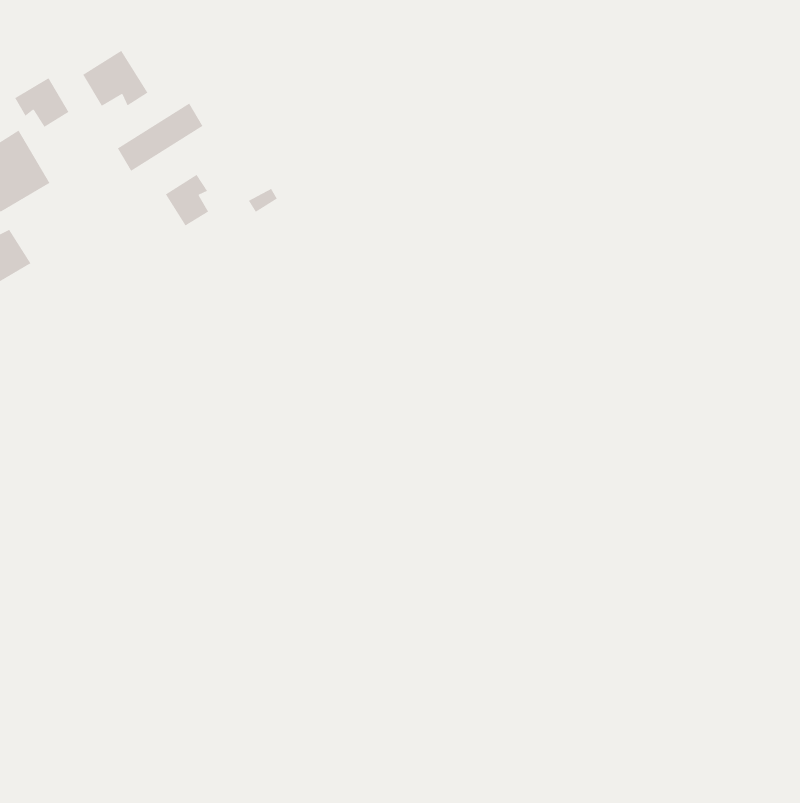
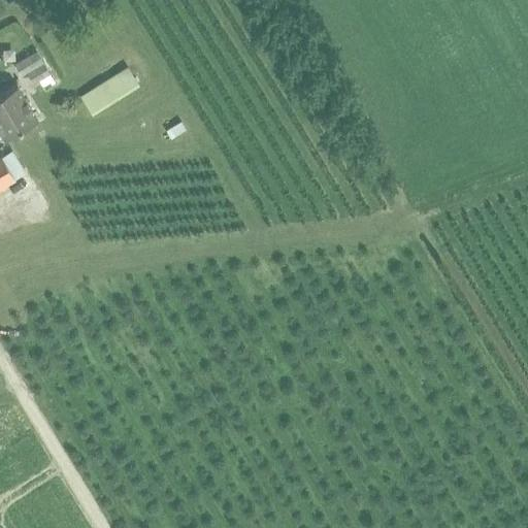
building: [82,50,149,107] -> none
building: [165,174,209,226] -> none

